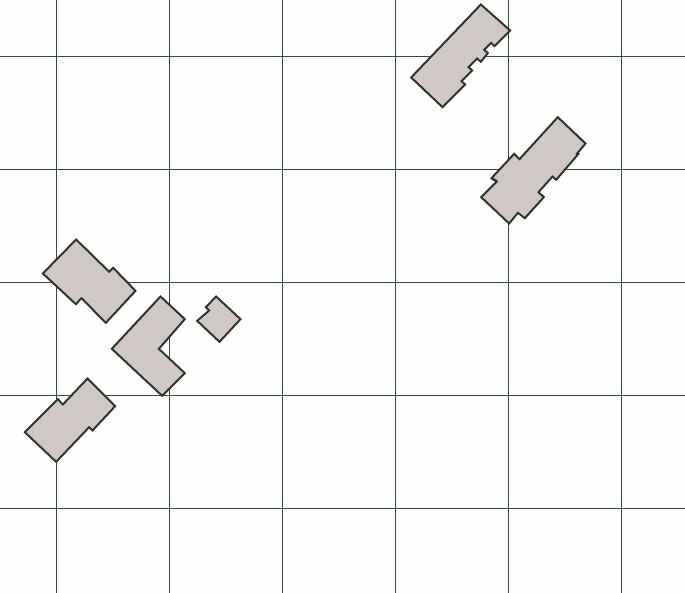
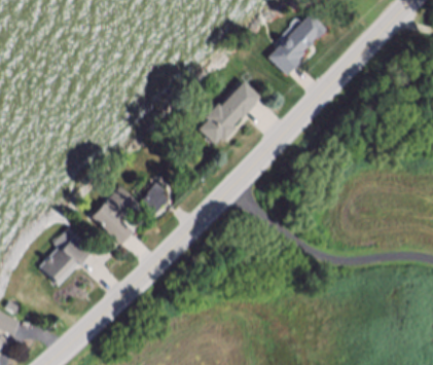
building: [481,117,586,223] -> [197,81,259,144]
building: [43,239,136,323] -> none

